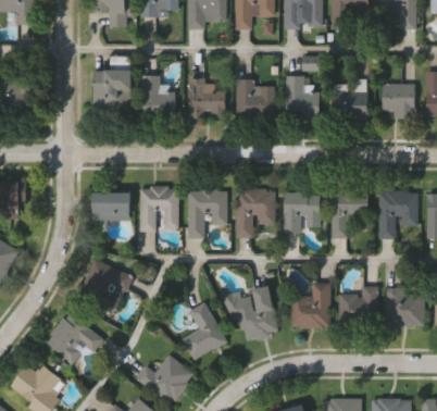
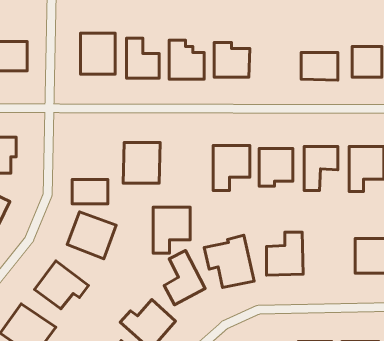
building: [285,77,317,121] -> none
building: [187,190,226,239] -> [153,207,190,253]
building: [91,194,129,220] -> [72,179,108,204]
building: [338,286,378,326] -> none

